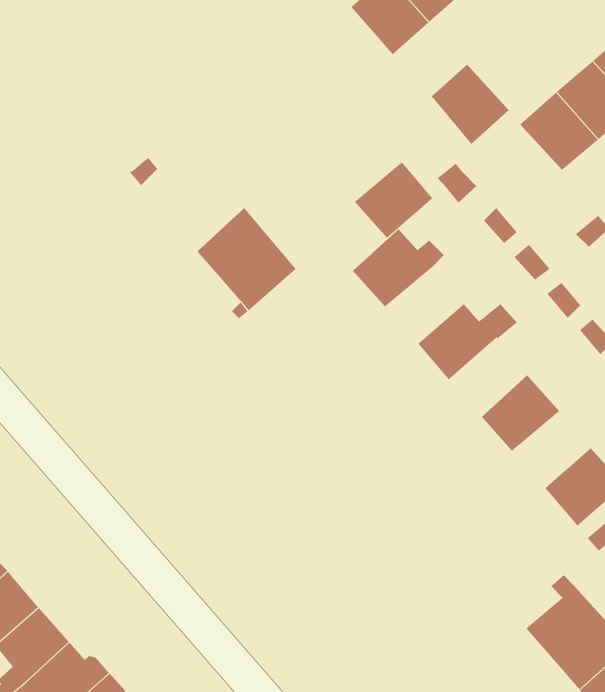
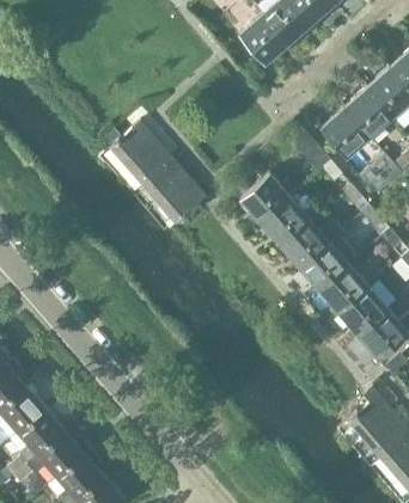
building: [431,64,510,145] -> [321,109,370,159]
building: none -> [109,123,172,188]
building: [354,161,433,238] -> [260,197,309,245]
building: none -> [299,237,355,290]
building: none -> [338,287,387,335]

